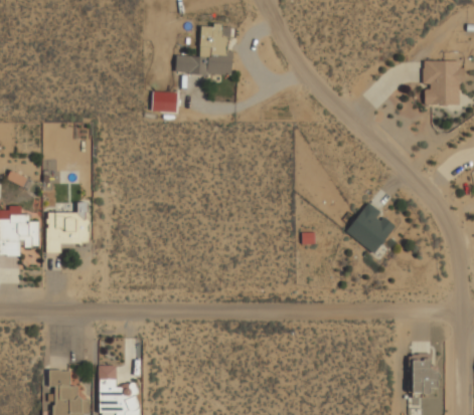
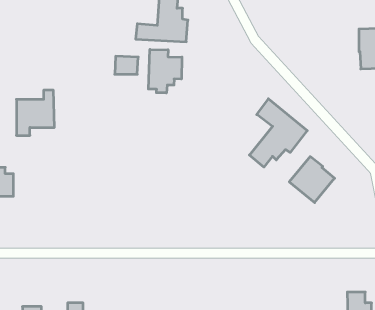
building: none -> [148,49,182,93]
building: none -> [249,99,307,167]
building: [47,202,90,252] -> [16,90,54,135]

